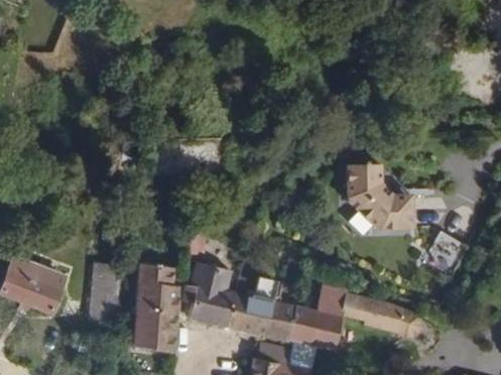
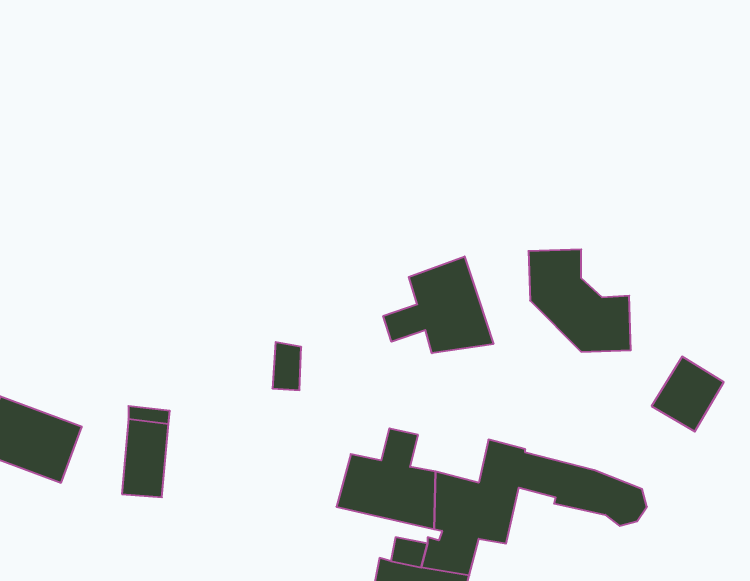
building: none -> [383,256,493,353]
building: [182,262,235,327] -> none
building: [133,263,179,352] -> none

